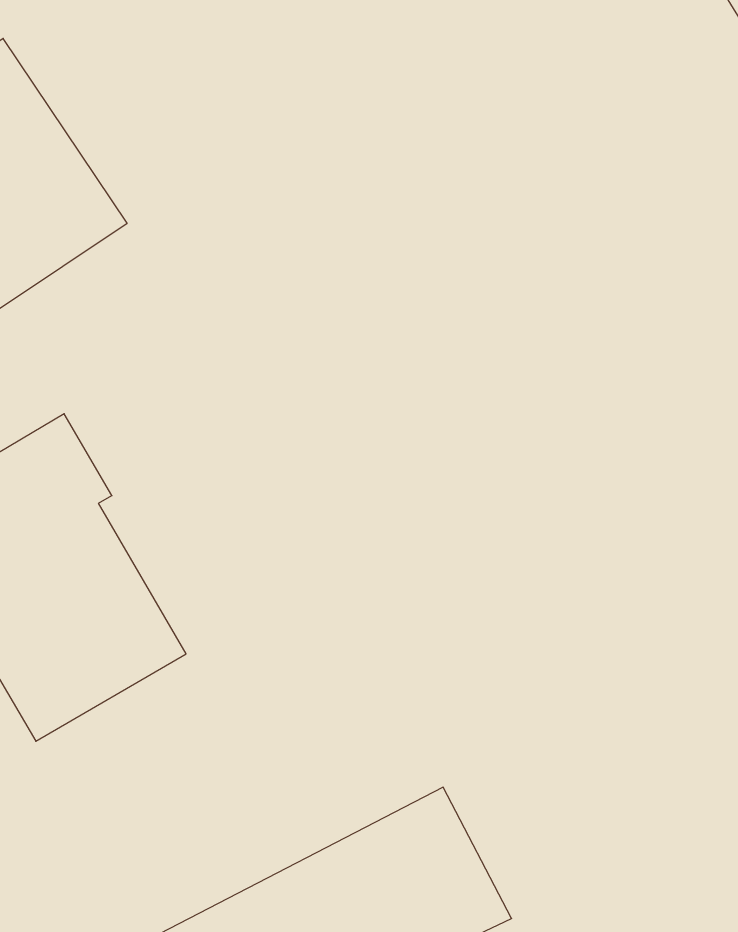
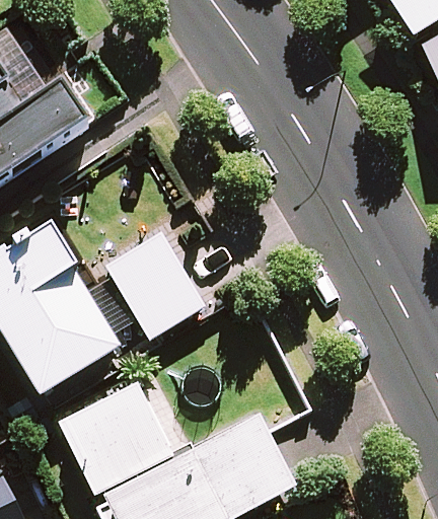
building: none -> [107,233,204,336]
building: none -> [59,383,172,493]

